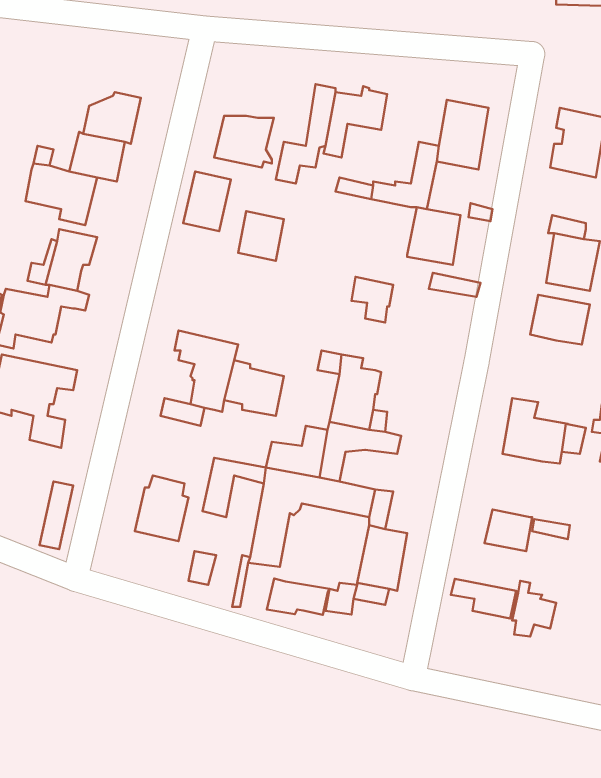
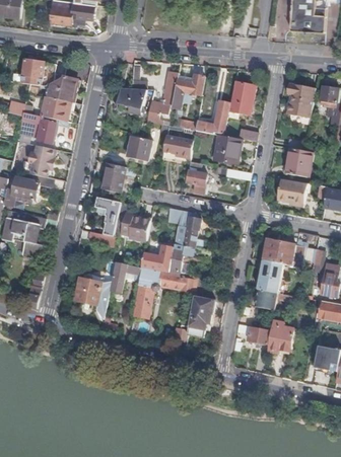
building: none -> [22,59,45,84]
building: [183,172,231,231] -> [101,162,126,193]
building: none -> [162,134,194,157]
building: none -> [258,259,283,292]
building: [267,578,330,615] -> none

